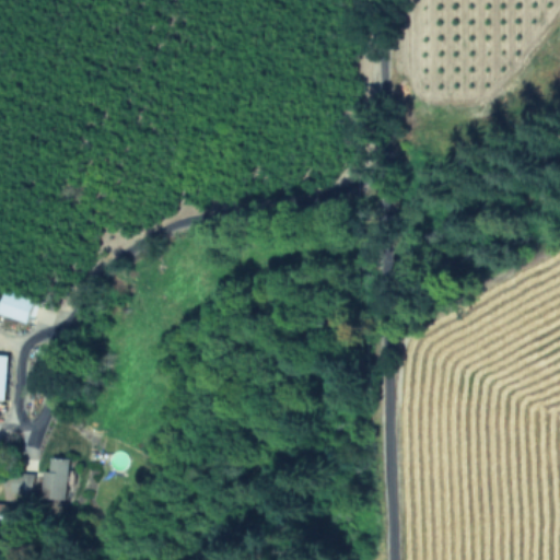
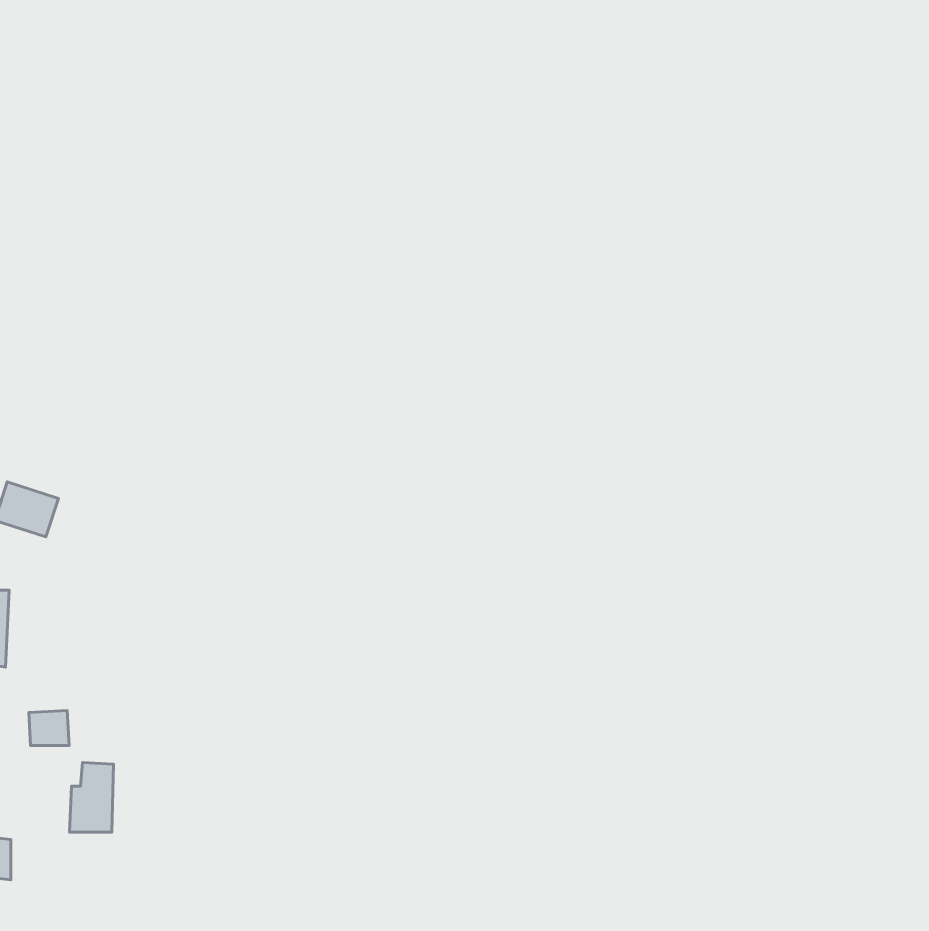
building: [9,474,33,494] -> [29,711,69,745]

